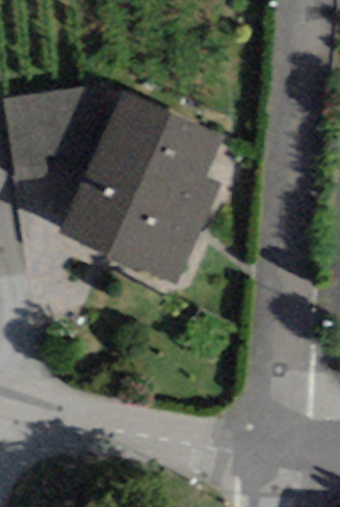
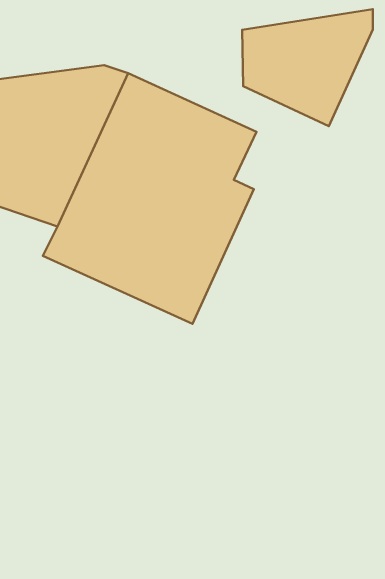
building: none -> [242,9,373,126]

